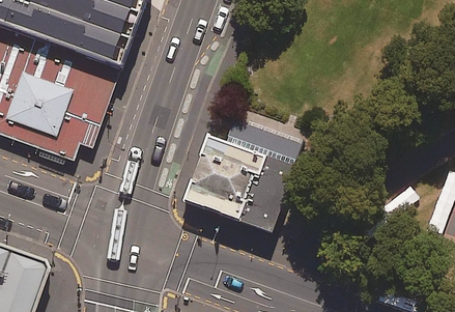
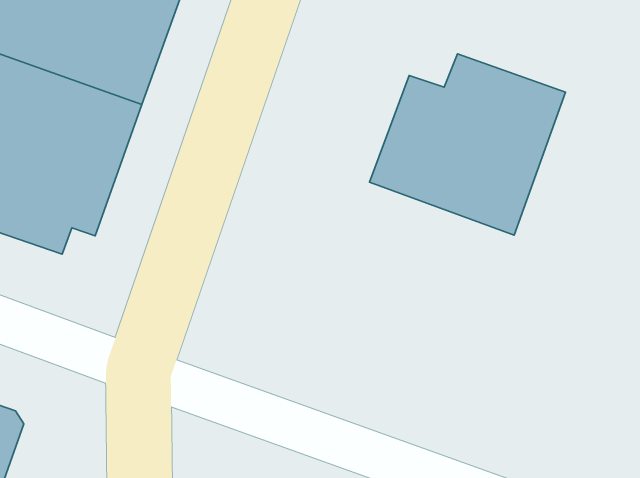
building: [182,122,305,235] -> [369,54,566,235]

